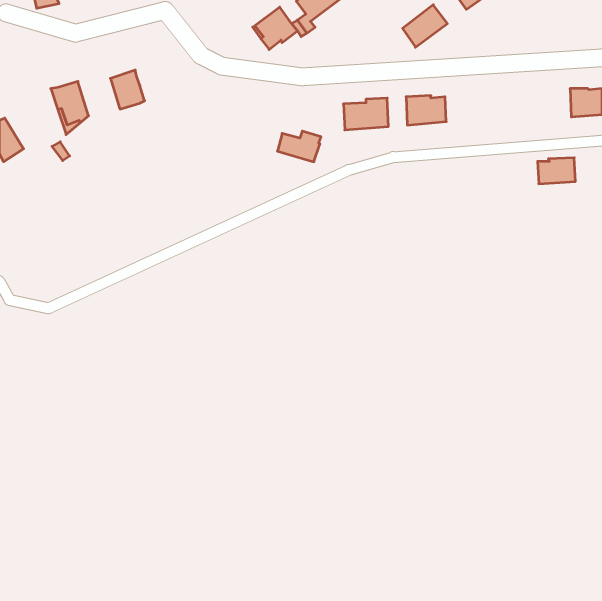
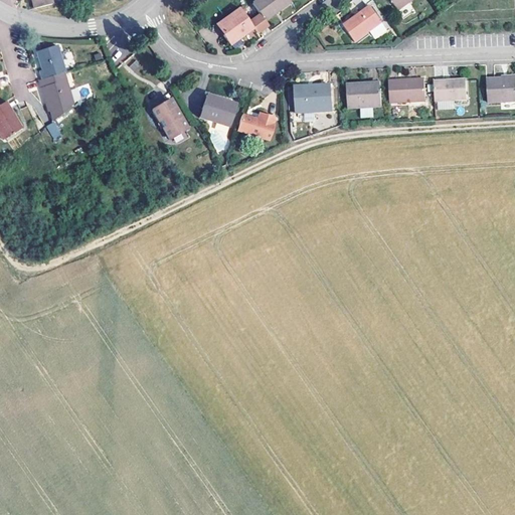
building: [110,70,145,109] -> [41,41,70,74]
building: none -> [387,77,425,103]
building: none -> [199,94,234,126]
building: none -> [152,98,188,138]
building: [538,158,575,184] -> [434,78,466,101]

